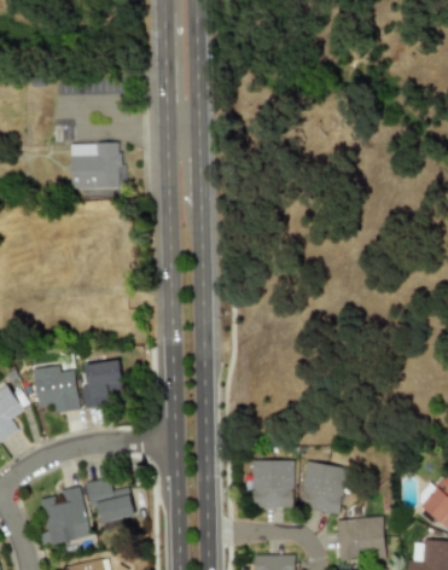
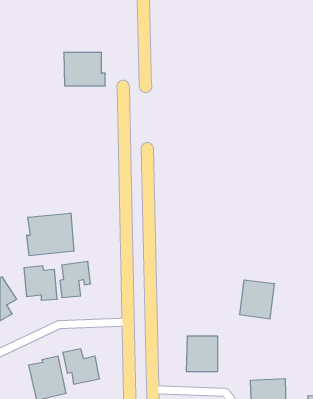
building: [70,144,126,188] -> [64,52,105,86]
building: none -> [27,213,74,256]
building: [299,461,347,513] -> [239,280,275,319]

